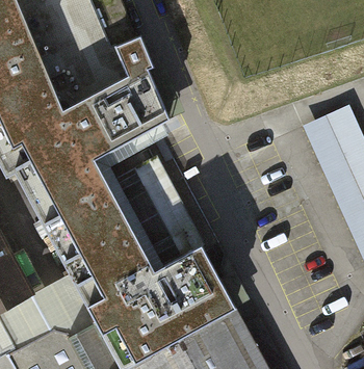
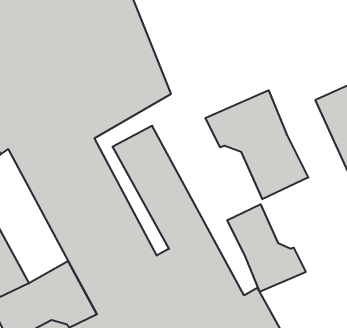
building: none -> [206,90,308,199]
building: none -> [227,204,306,292]

